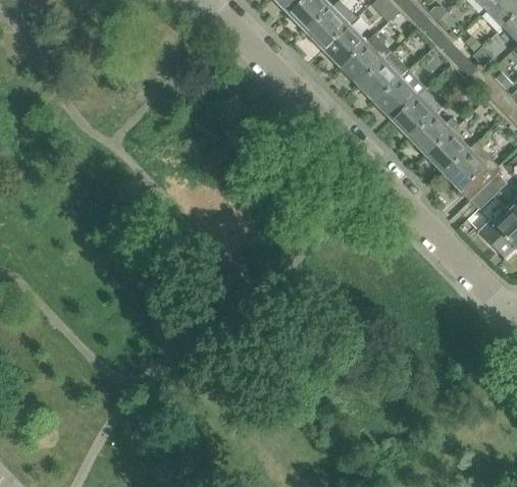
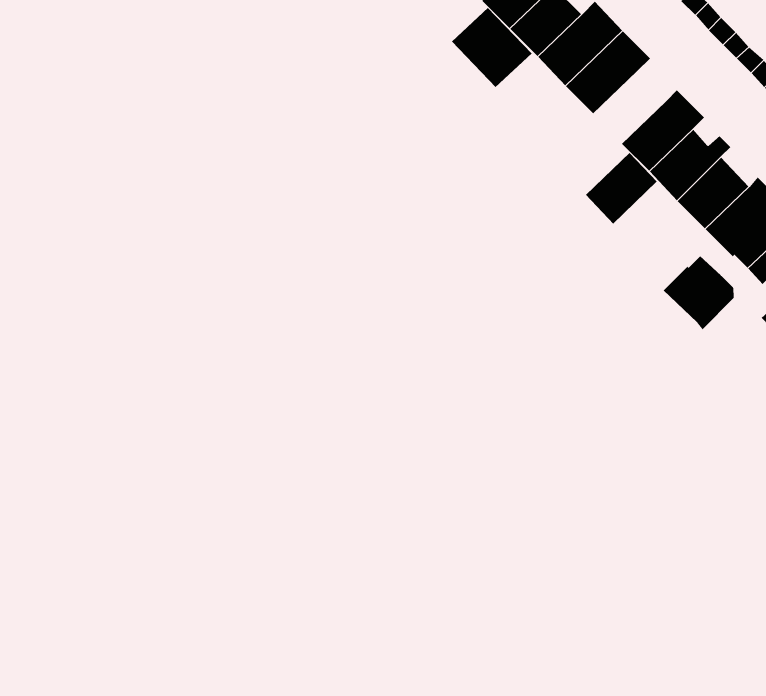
building: none -> [451,7,532,88]
building: [374,76,419,121] -> [585,152,657,224]
building: none -> [663,256,734,330]

